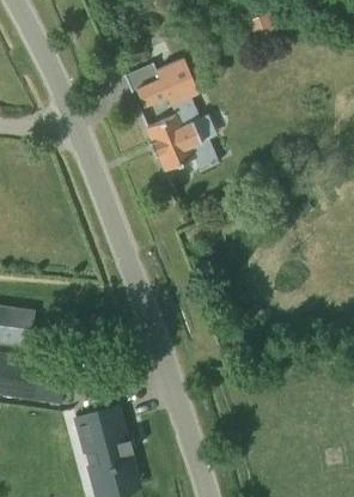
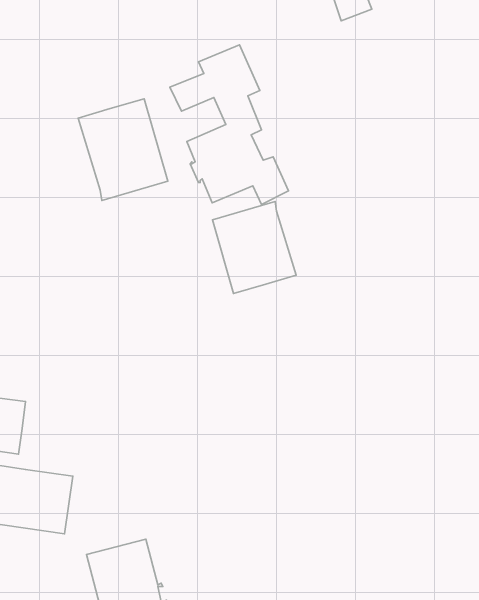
building: none -> [78,99,168,201]
building: none -> [212,202,296,293]

